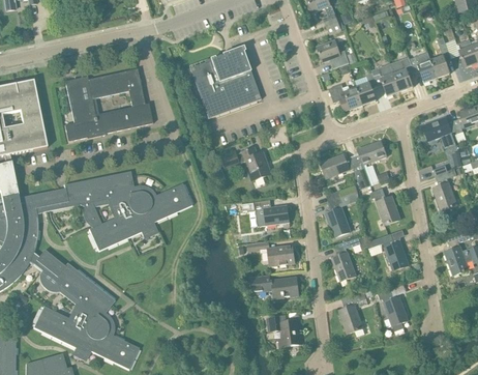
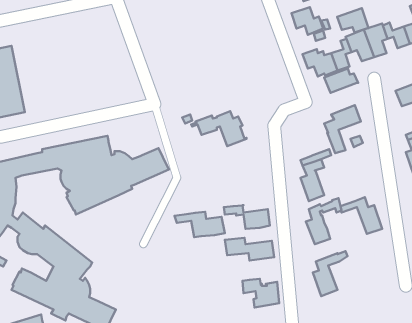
building: none -> [337,8,368,33]
building: [189,46,261,117] -> none
building: [64,67,153,140] -> none
building: [320,152,354,177] -> [324,68,358,93]
building: [369,186,400,224] -> none
building: [239,199,290,225] -> [175,212,225,237]
building: [378,288,408,329] -> none

